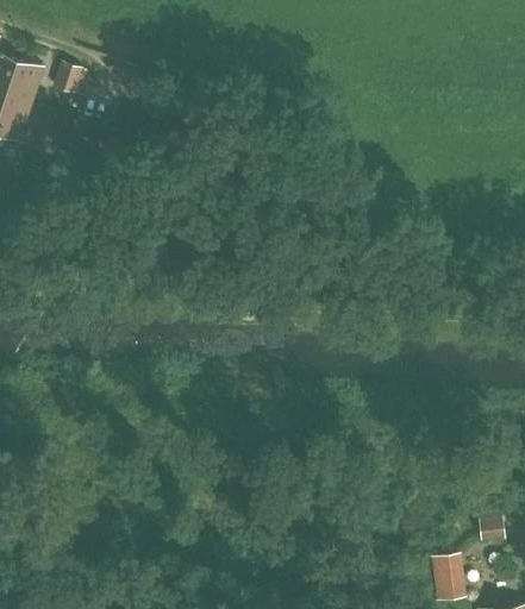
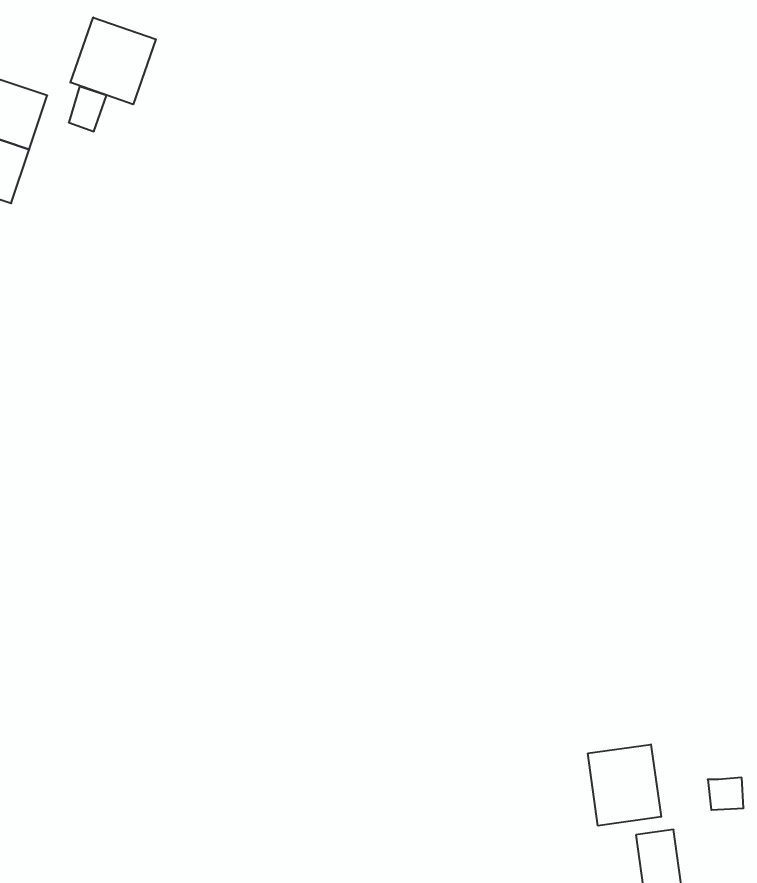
building: none -> [70,17,156,104]
building: none -> [588,744,661,826]

